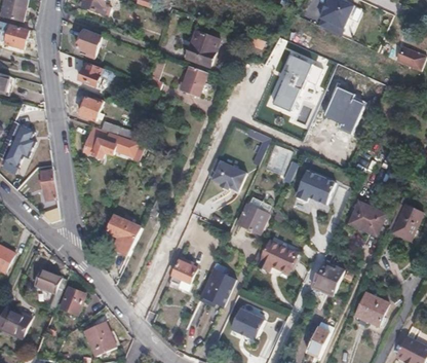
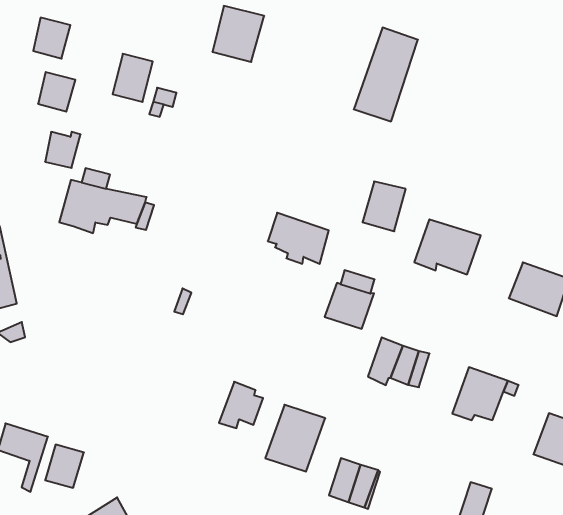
building: [181,66,206,96] -> [113,54,153,102]
building: [324,86,364,133] -> none
building: [105,215,141,258] -> none

